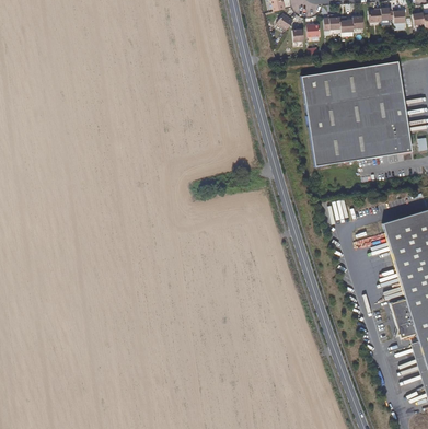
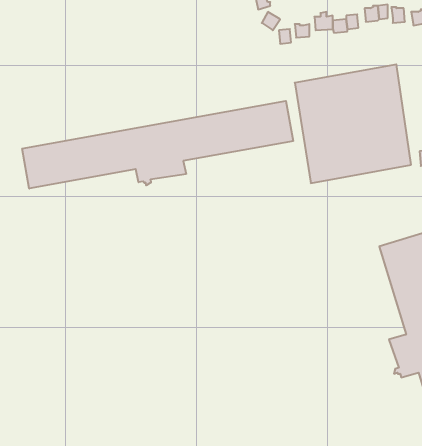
building: none -> [22,101,293,189]

